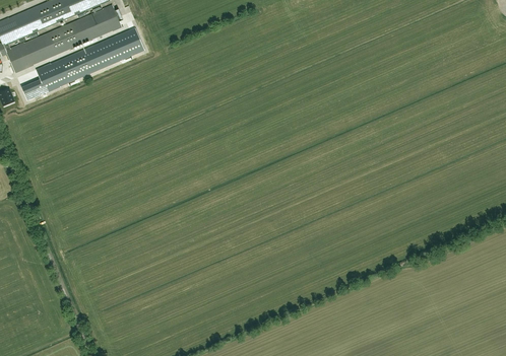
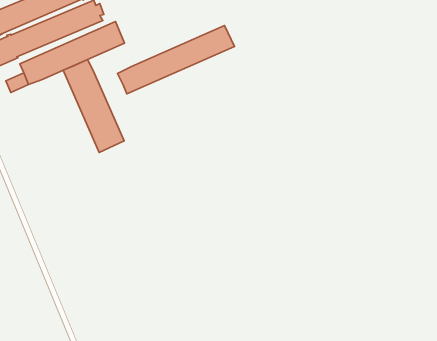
building: none -> [118,26,235,94]
building: none -> [63,59,124,152]

